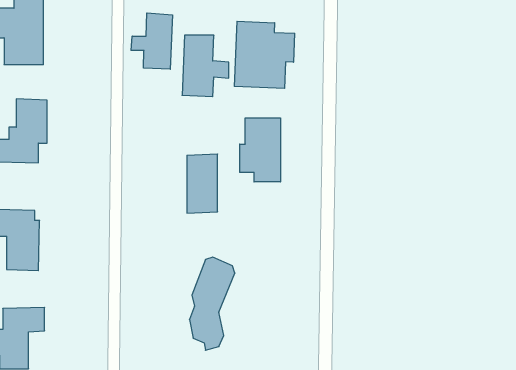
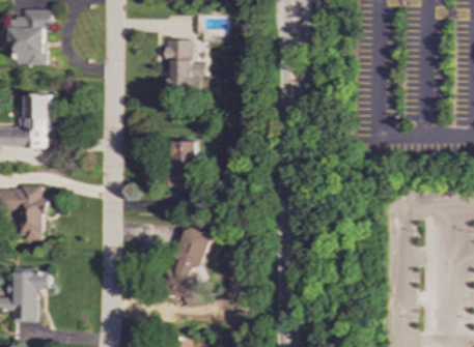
building: [131,13,172,69] -> none
building: [234,21,295,88] -> none
building: [240,118,280,182] -> none

